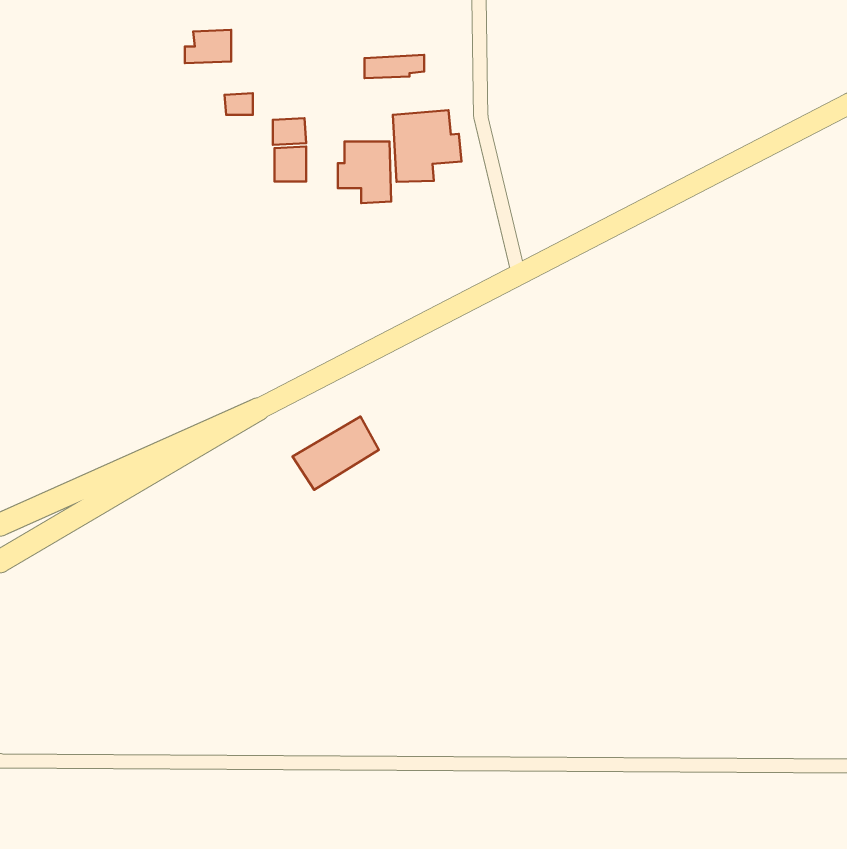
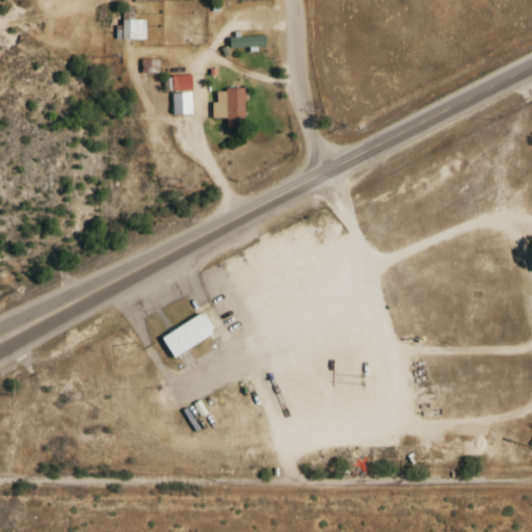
building: [393,110,461,182] -> none
building: [292,417,379,490] -> [161,312,215,357]

